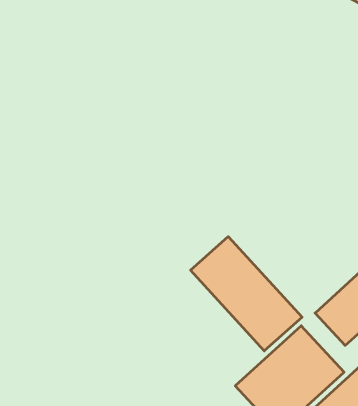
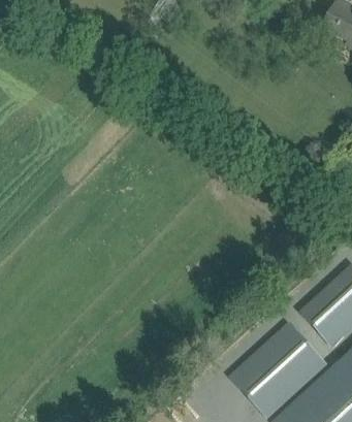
building: [191,237,302,351] -> none

